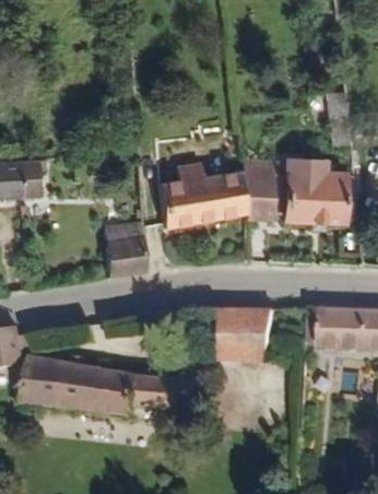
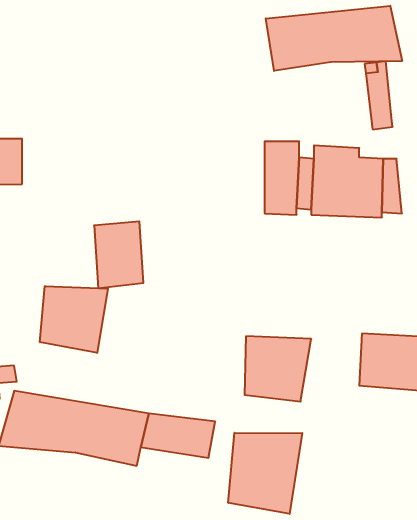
building: none -> [266,6,402,71]
building: [147,167,237,228] -> none
building: none -> [40,286,108,353]
building: none -> [228,433,302,514]

